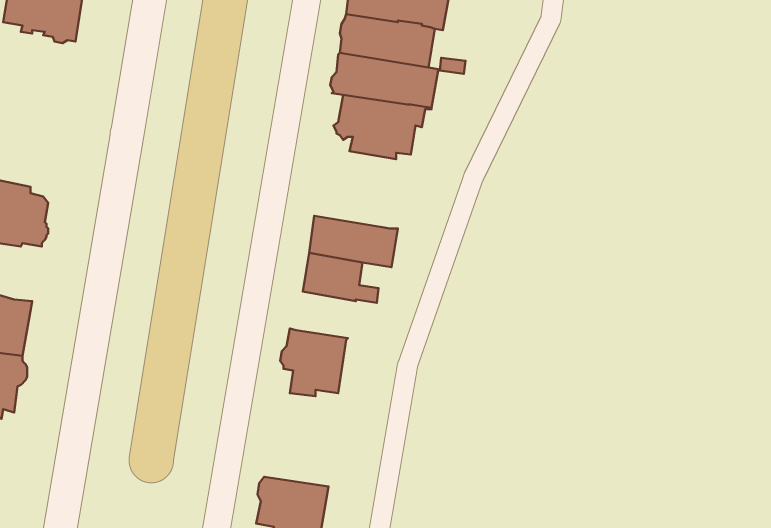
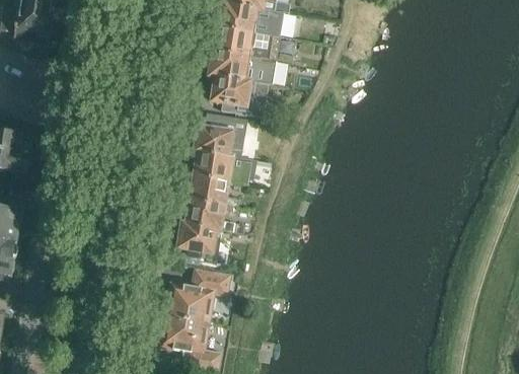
building: none -> [196,113,244,157]
building: none -> [188,198,244,232]
building: none -> [166,269,230,320]

